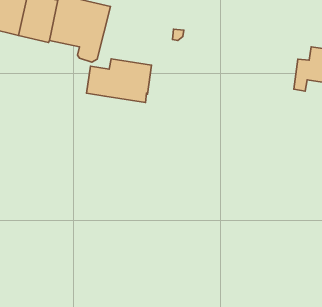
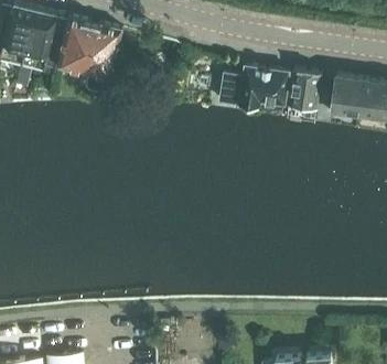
building: none -> [289,69,322,120]
building: [86,59,152,102] -> [218,66,288,113]

